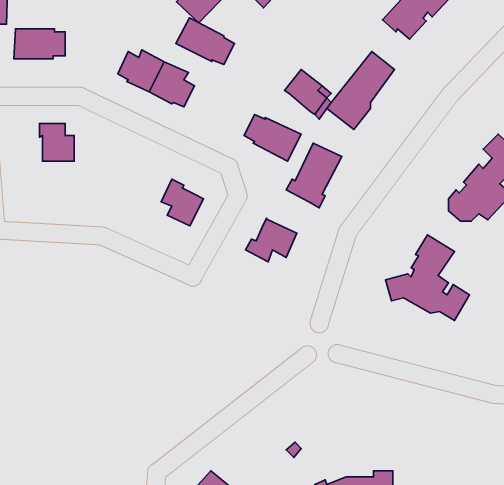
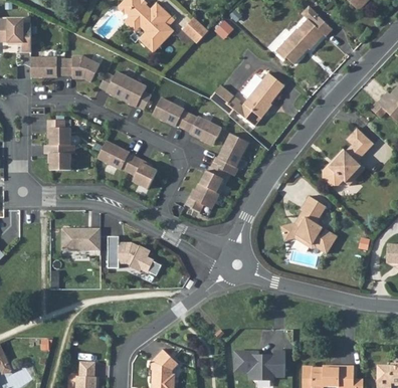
building: [176,18,234,64] -> [153,96,192,128]
building: none -> [65,55,101,81]
building: none -> [98,141,137,172]
building: none -> [45,145,75,170]
building: none -> [201,164,228,193]
building: none -> [56,228,96,250]
building: none -> [109,236,162,275]

